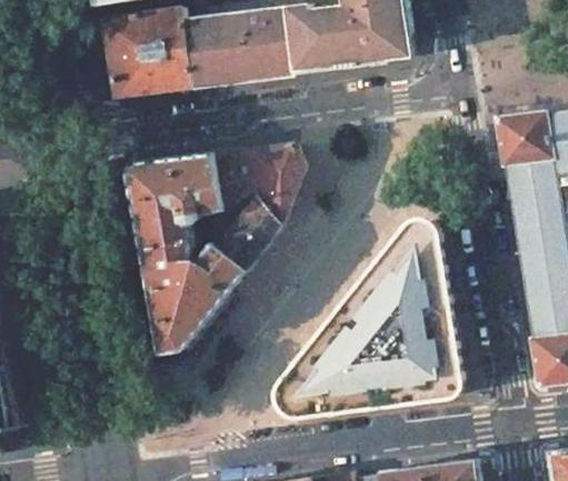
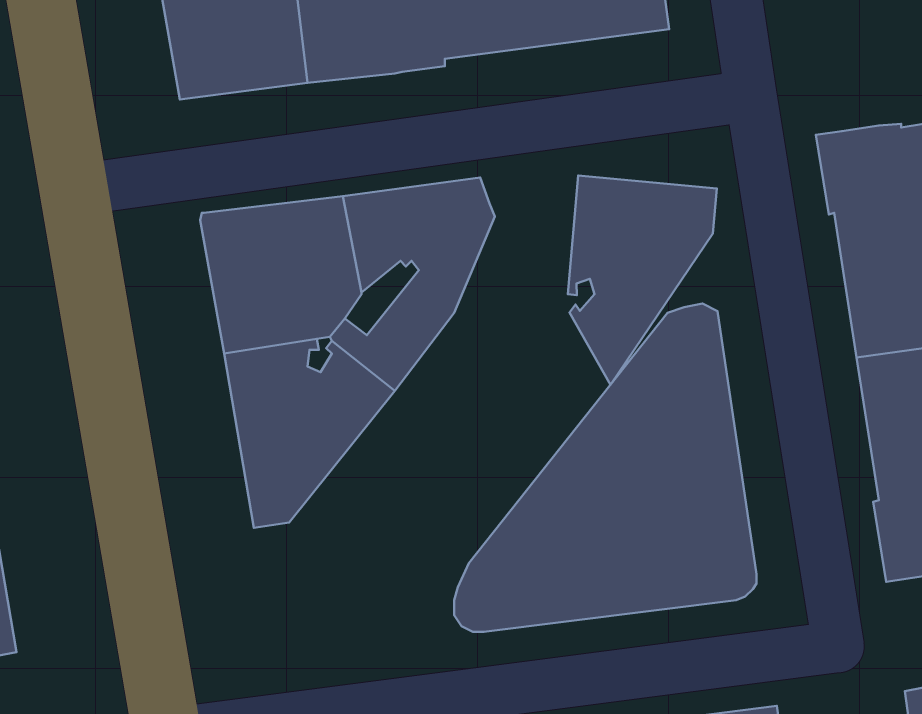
building: none -> [568,176,717,385]

